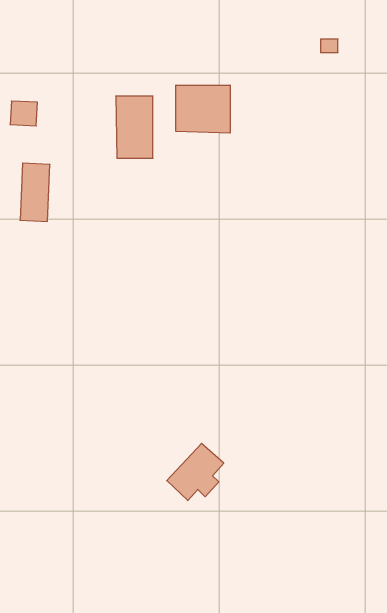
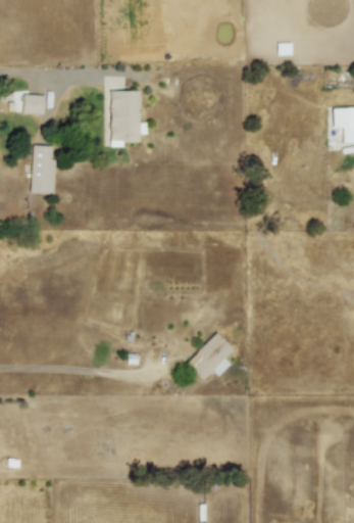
building: [176,85,230,133] -> none
building: [167,443,224,501] -> [188,333,235,380]

